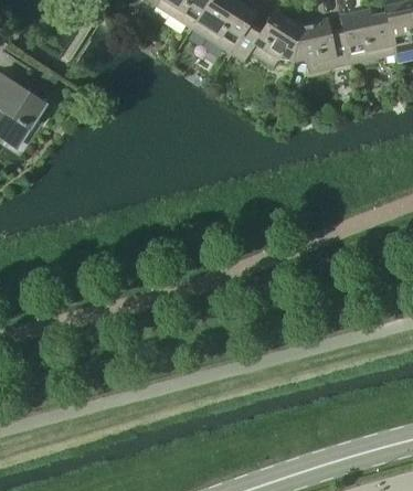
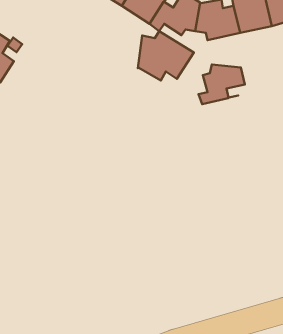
building: none -> [138,31,194,81]
building: none -> [199,65,245,104]

